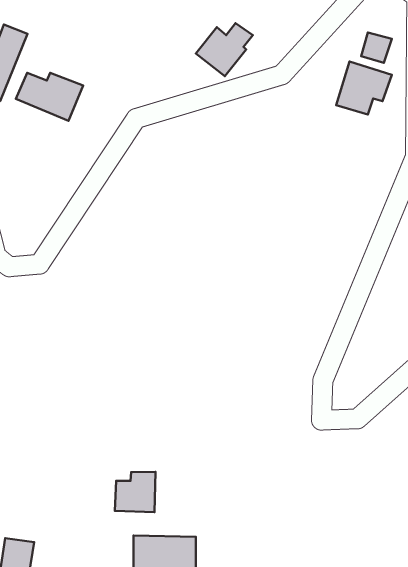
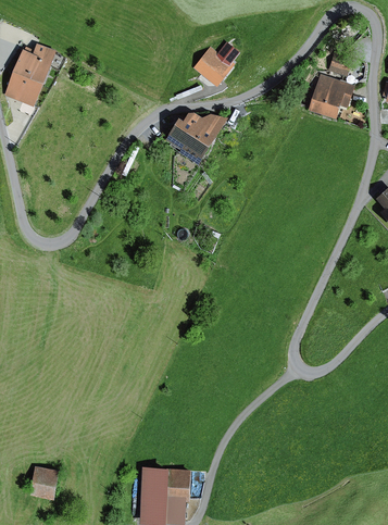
building: [16,73,83,121] -> none
building: none -> [165,113,228,166]
building: [115,472,155,512] -> none

